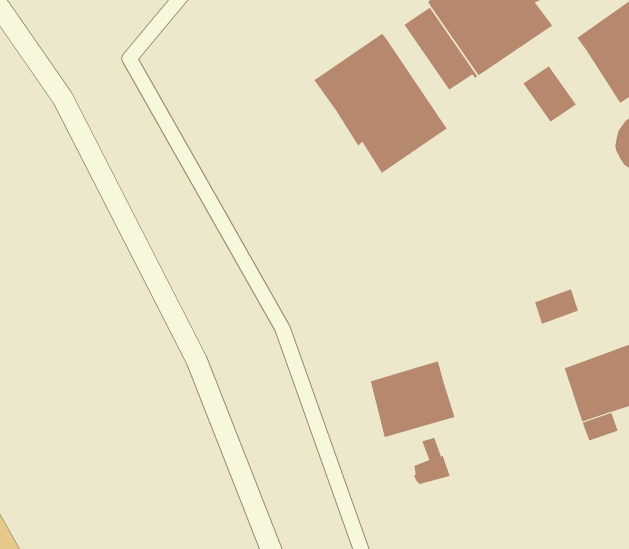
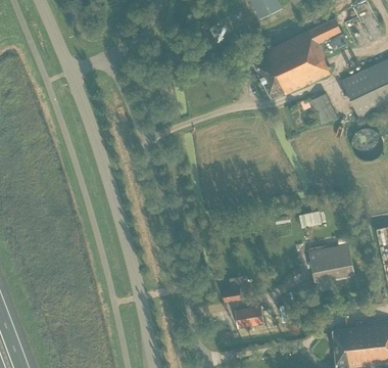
building: [313,33,447,174] -> none
building: [370,360,455,438] -> none
building: none -> [235,306,264,329]

